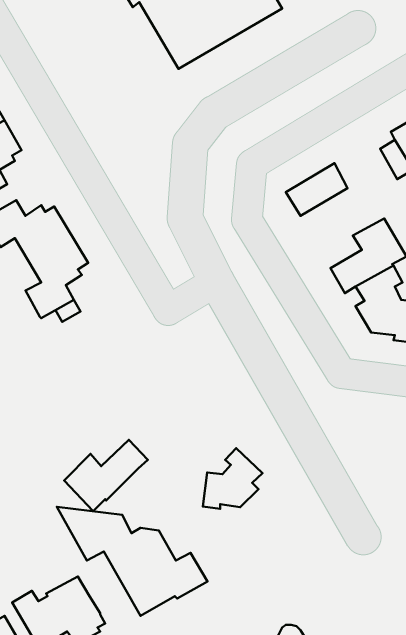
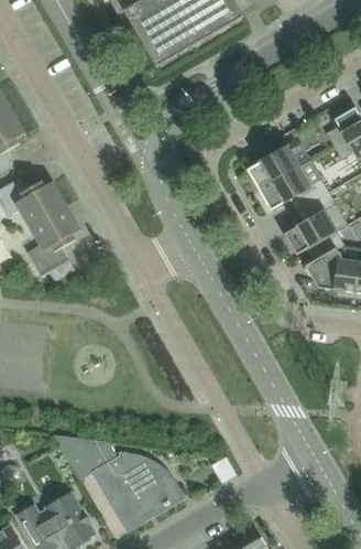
building: none -> [259,158,329,209]
building: [64,440,148,511] -> none
building: [203,448,263,509] -> none

